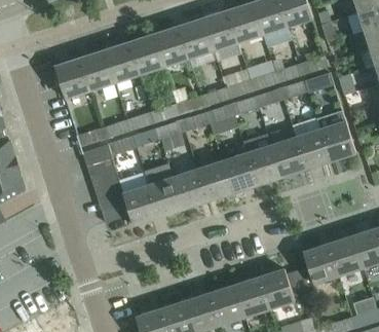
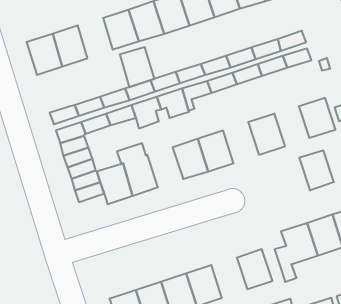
building: [105,43,139,82] -> [120,47,154,87]
building: [297,130,331,169] -> [299,150,334,190]
building: [247,145,281,185] -> none
building: [173,170,207,209] -> none
building: [235,278,270,317] -> none

